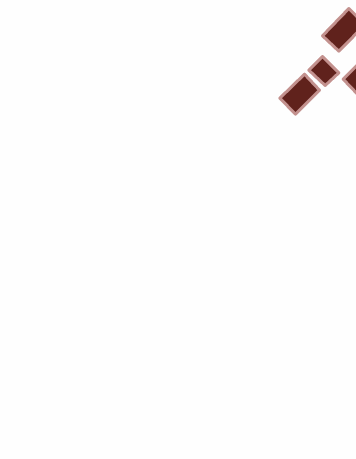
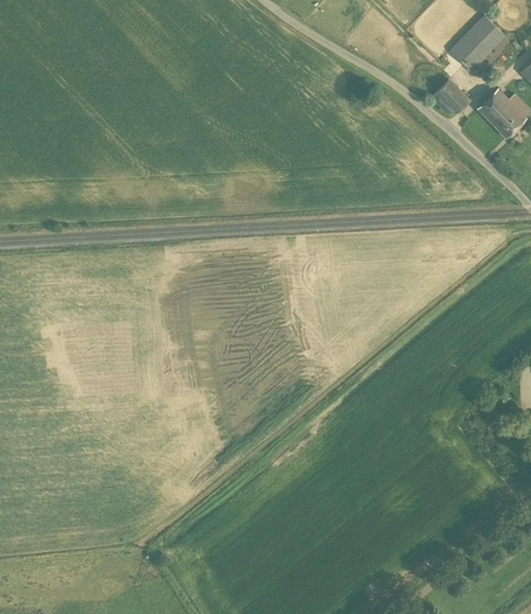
building: [280,74,320,114] -> none

